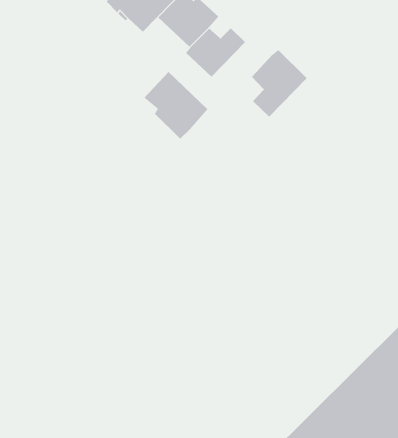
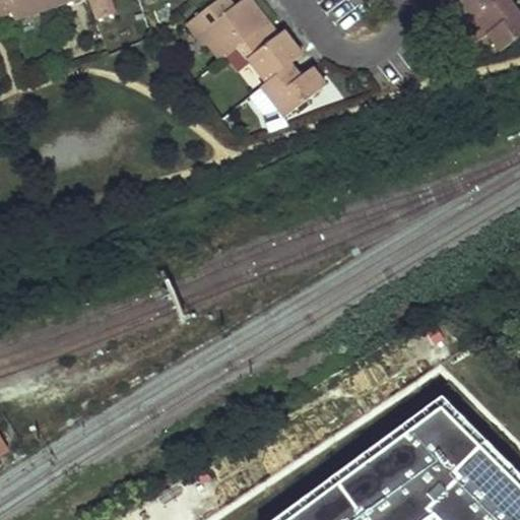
building: [251,49,307,118] -> none
building: [144,71,208,140] -> none

